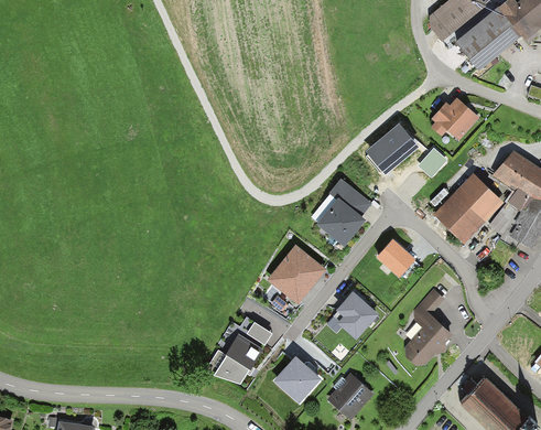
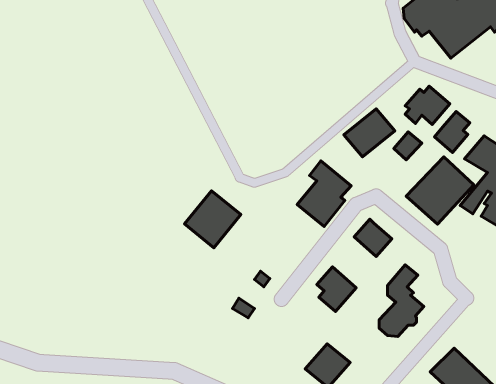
building: none -> [434,111,470,153]
building: [268,244,327,304] -> [185,191,241,248]
building: [215,333,266,385] -> none
building: [273,354,322,402] -> none

